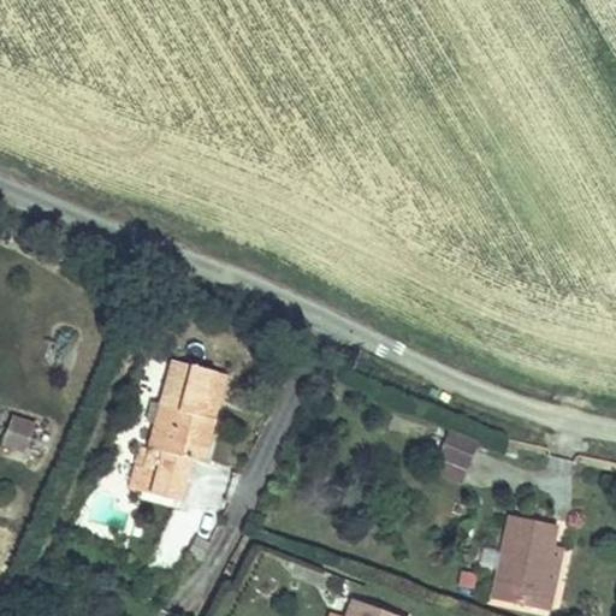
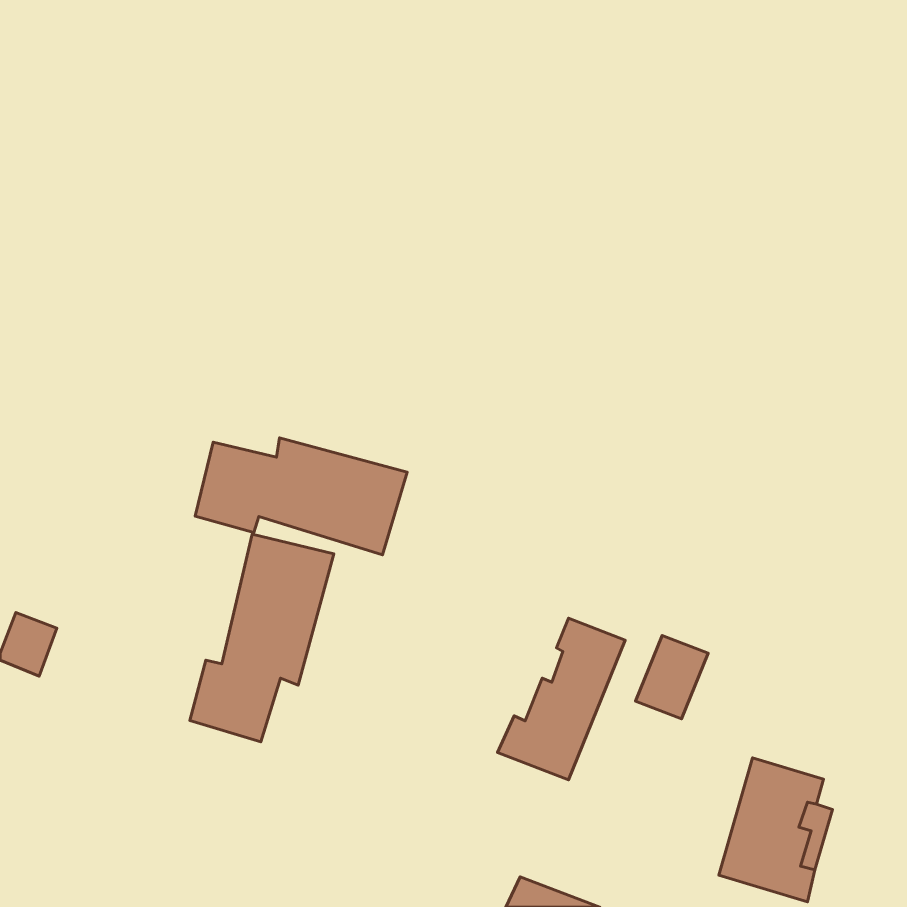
building: none -> [195,438,407,555]
building: none -> [498,618,625,780]

